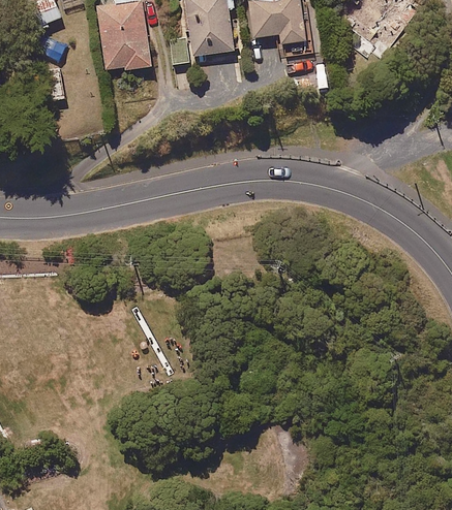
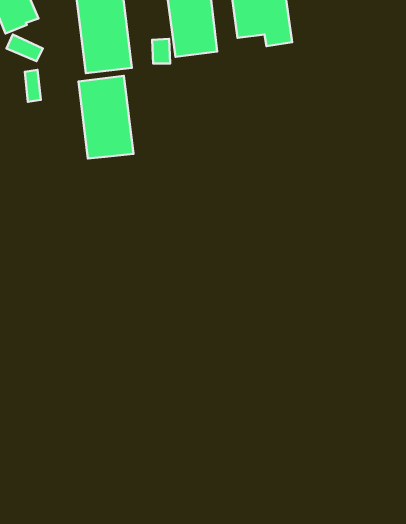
building: none -> [79,76,133,159]

